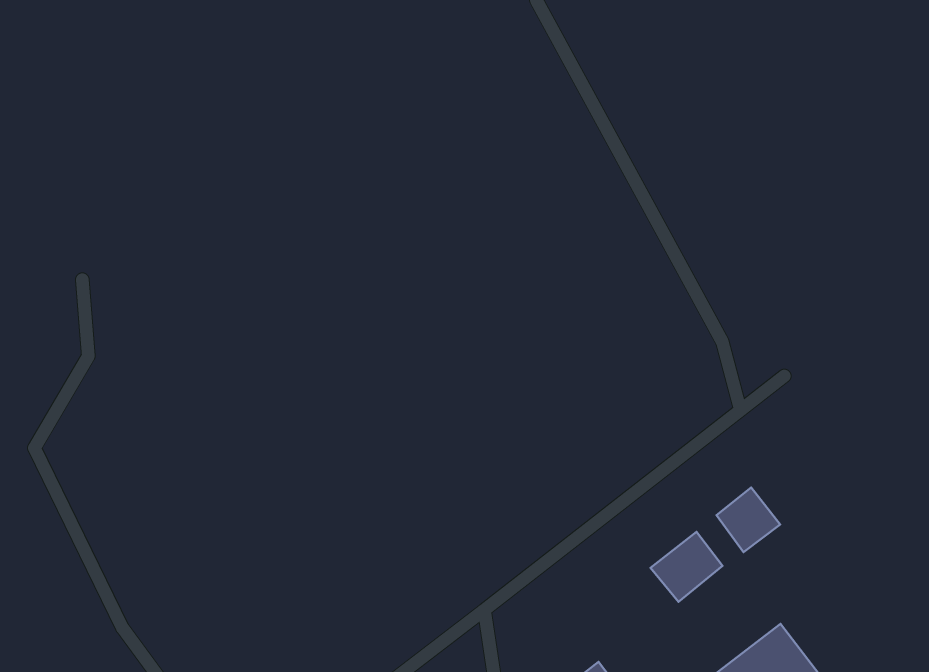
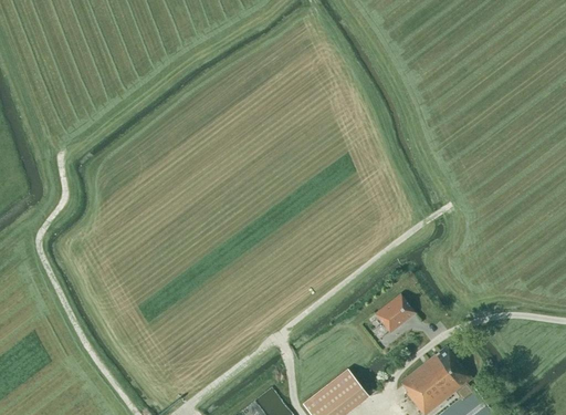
building: [716,487,780,552] -> none

